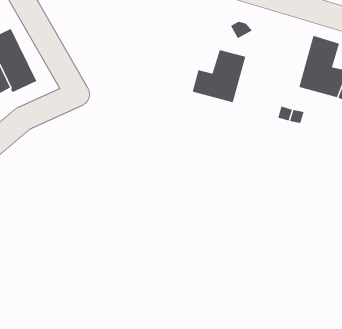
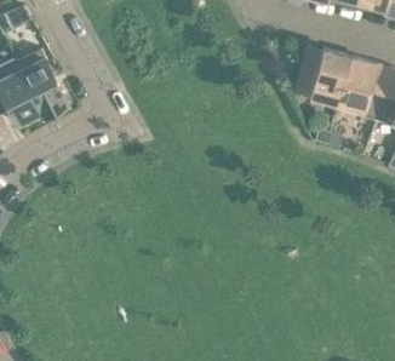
building: [192,49,246,108] -> [296,50,351,110]

